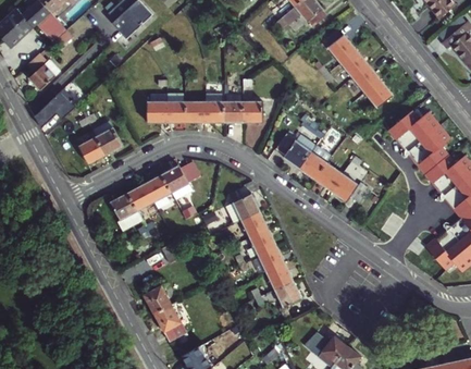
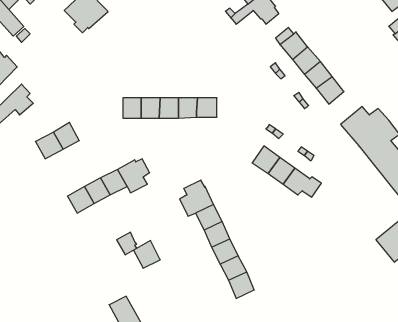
building: [146,102,166,123] -> none
building: [275,134,310,169] -> none
building: [142,285,170,313] -> [134,241,160,268]

